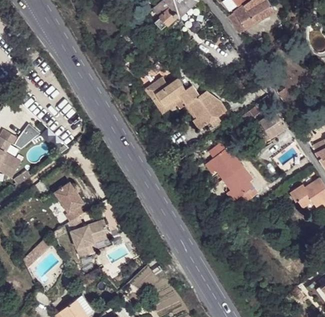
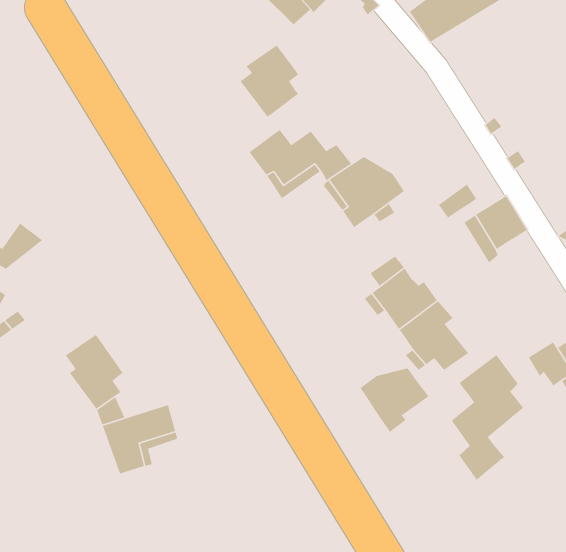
building: none -> [240,45,299,118]
building: none -> [451,354,524,481]
building: none -> [360,367,430,433]

